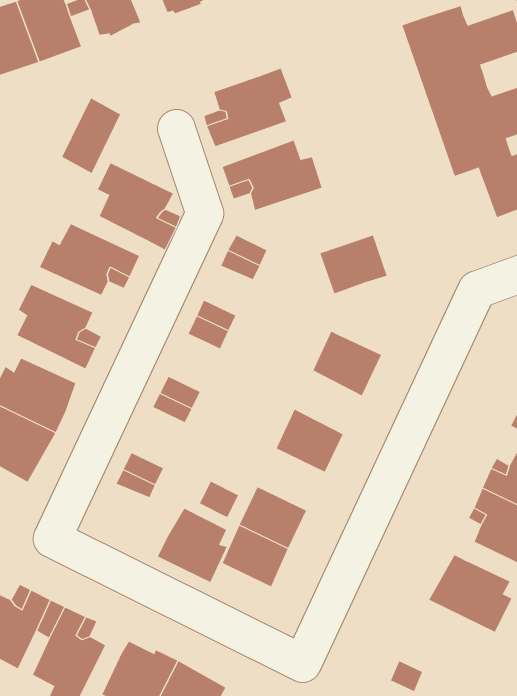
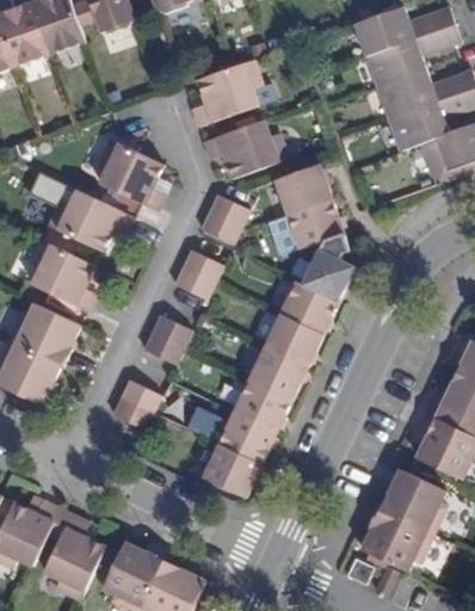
building: [62,98,121,174] -> none
building: none -> [274,163,332,214]
building: none -> [303,233,356,300]
building: none -> [265,313,322,366]
building: none -> [234,378,291,431]
building: [157,508,228,583] -> none
building: none -> [362,506,434,570]

